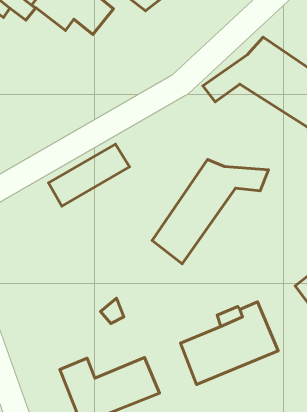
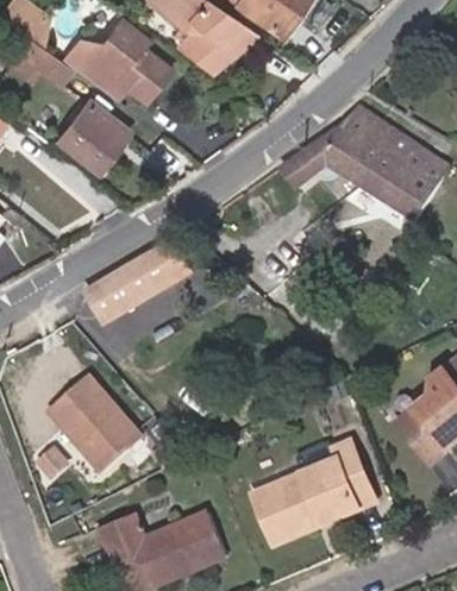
building: none -> [56,101,129,172]
building: [152,160,268,264] -> none
building: none -> [49,376,144,473]

